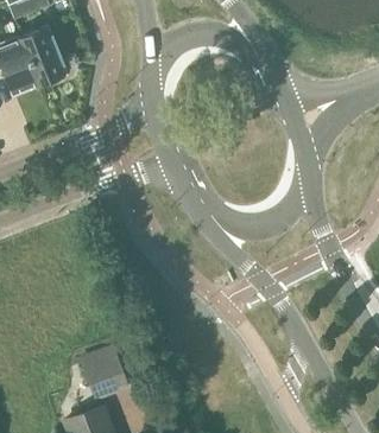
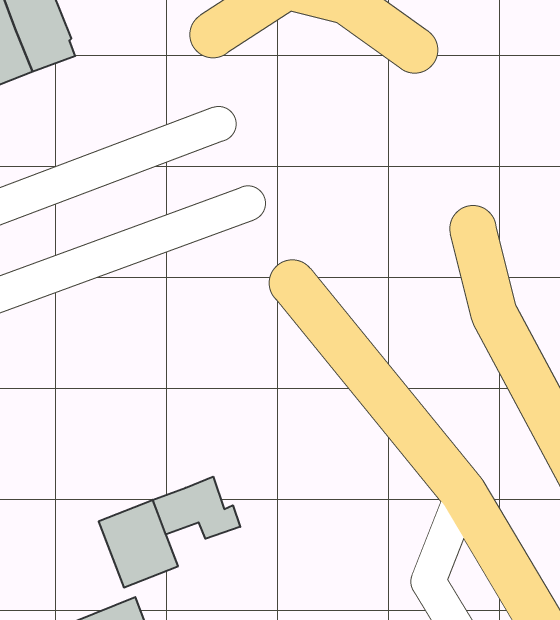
building: none -> [153,477,240,539]

